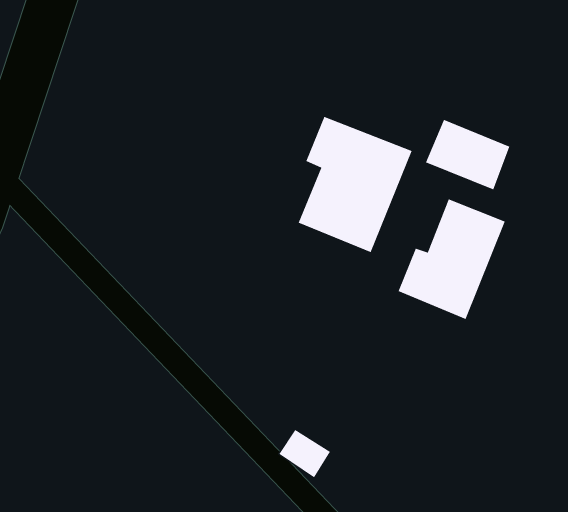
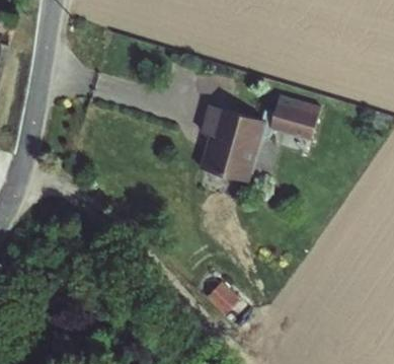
building: [398,198,506,320] -> none

